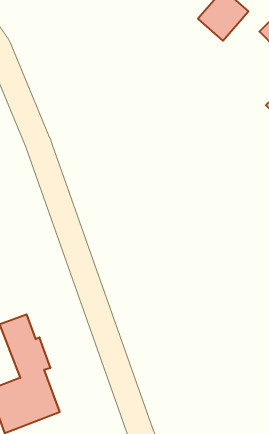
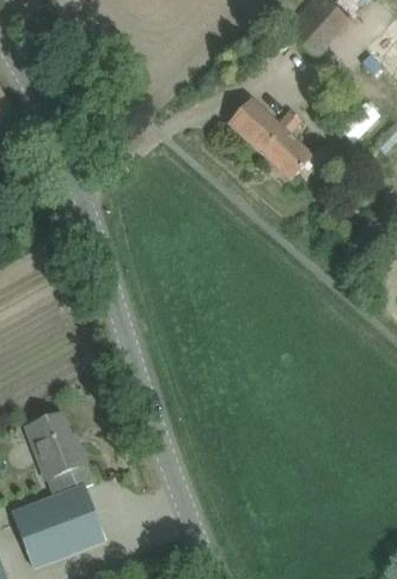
building: none -> [227,97,312,181]

